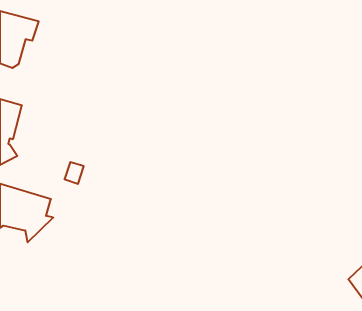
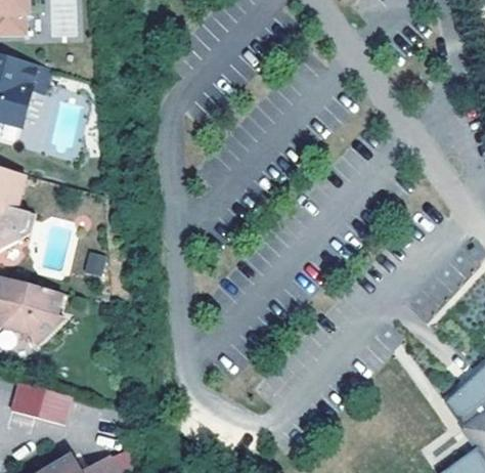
building: none -> [10,383,73,422]

